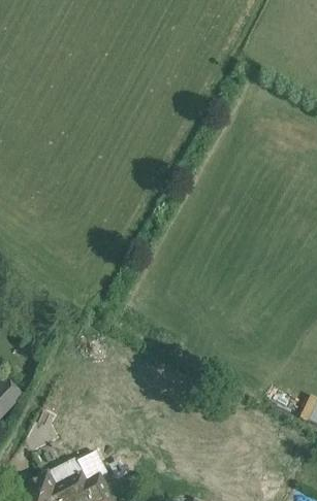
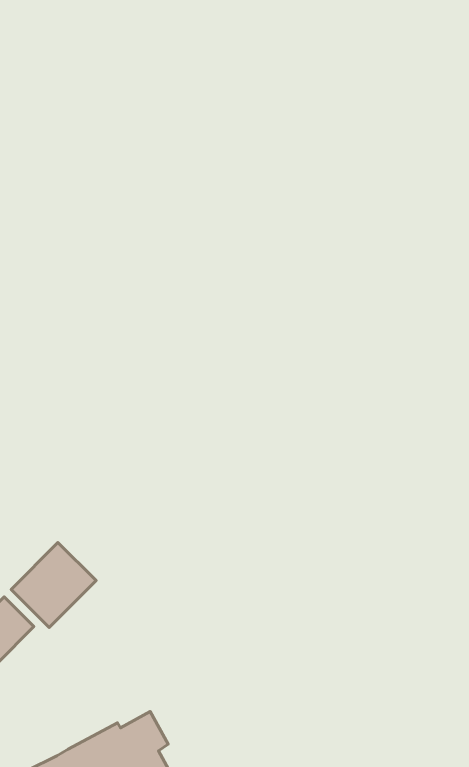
building: none -> [11,543,96,628]

